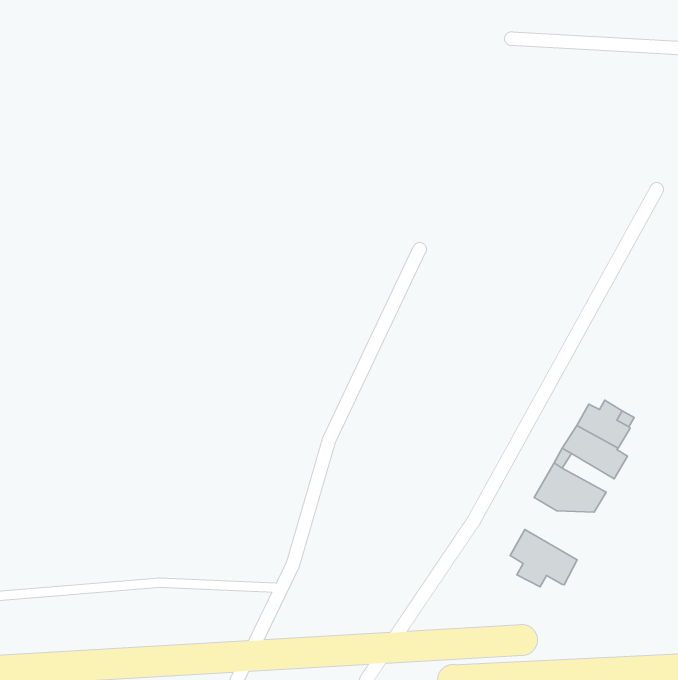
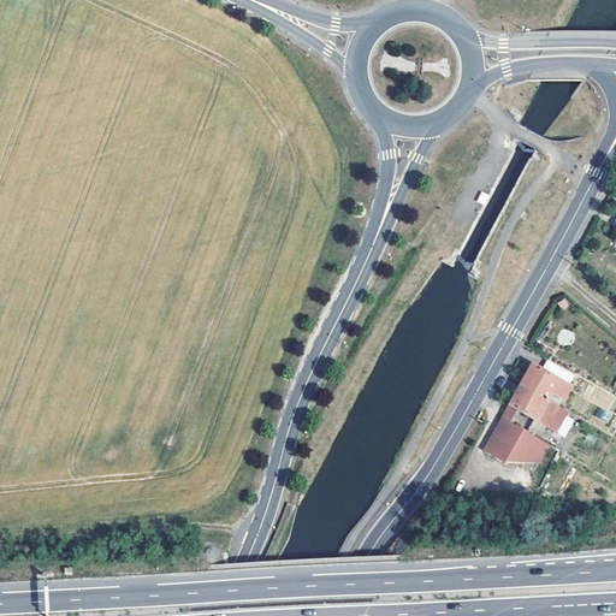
building: [510,529,577,587] -> none

